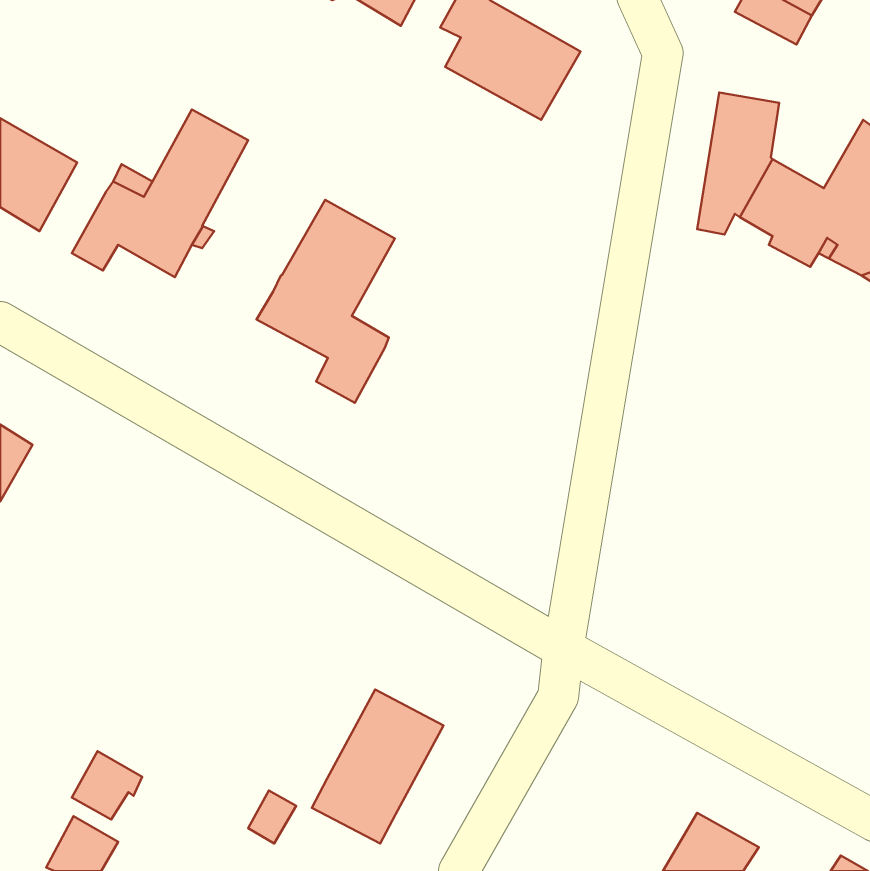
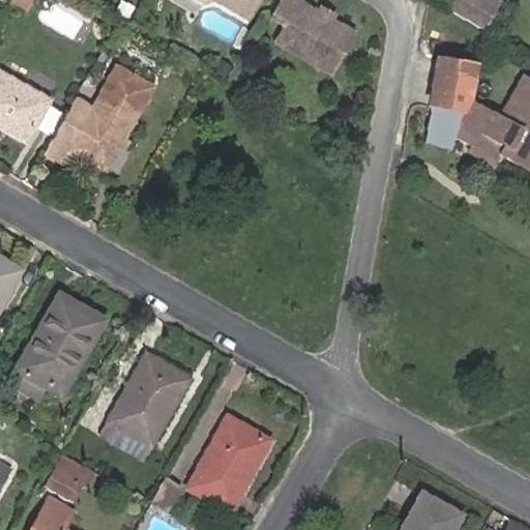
building: [256,200,395,403] -> none
building: none -> [18,294,106,400]
building: none -> [105,354,190,455]

